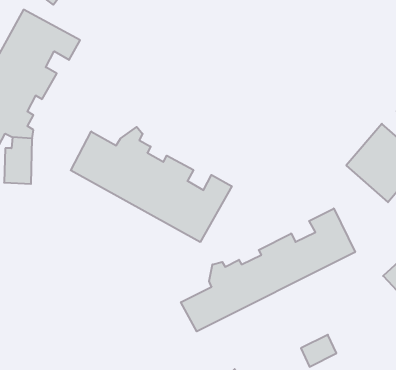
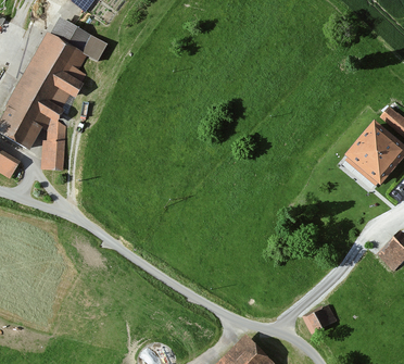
building: [71,127,232,242] -> none
building: [181,208,355,331] -> none

